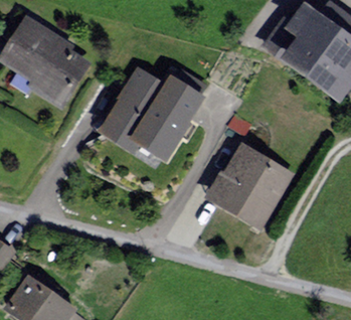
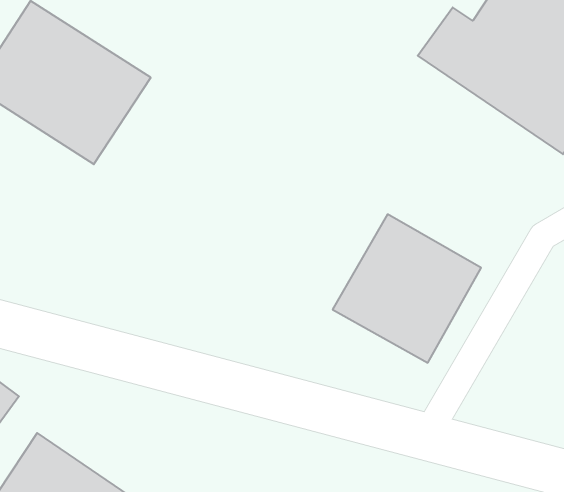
building: [95,64,215,171] -> none

